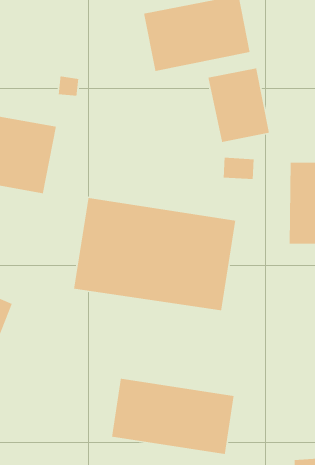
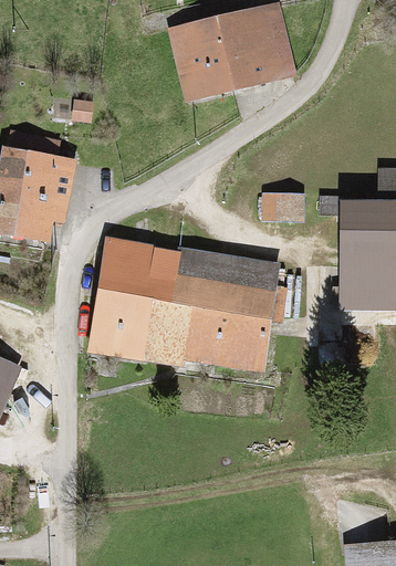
building: [207,67,270,143] -> none
building: [111,378,235,455] -> none

